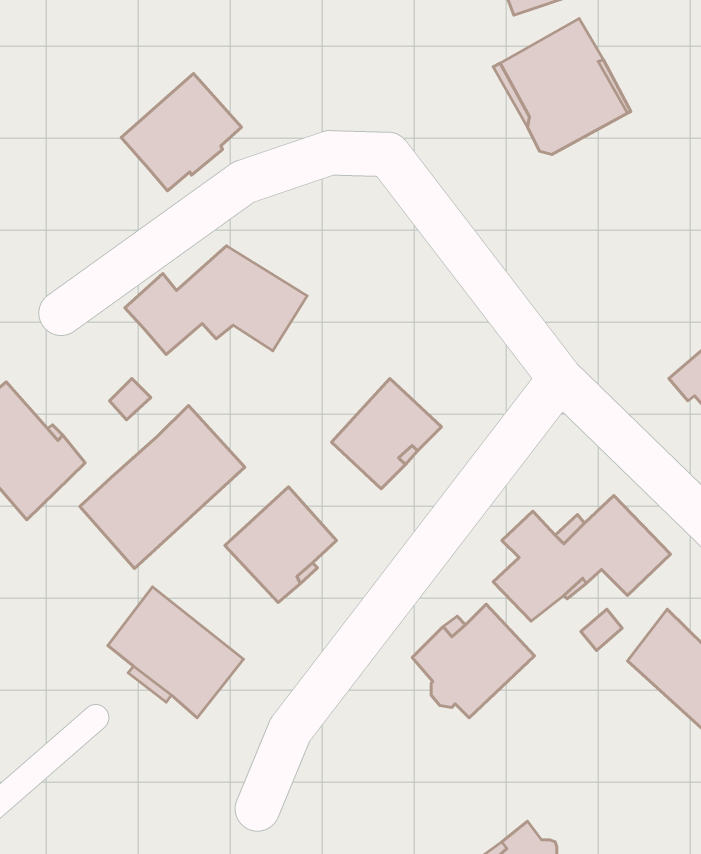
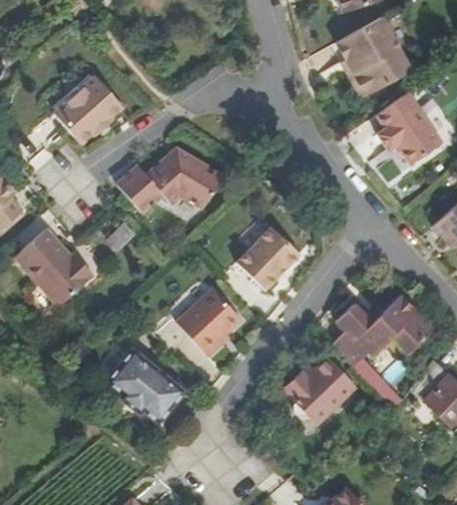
building: [121,74,242,191] -> [53,75,123,143]
building: none -> [376,92,443,164]
building: [80,405,245,568] -> none

